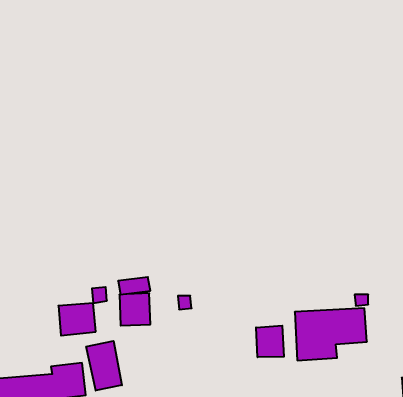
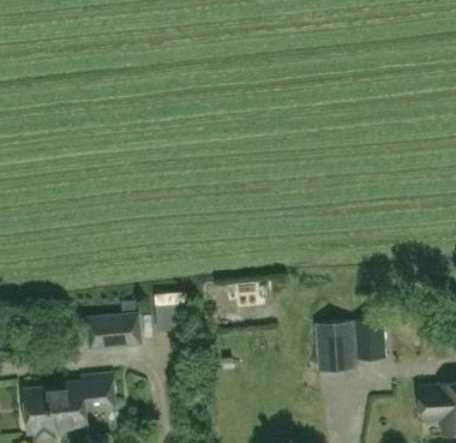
building: [256,326,284,357] -> none
building: [86,341,122,391] -> none

